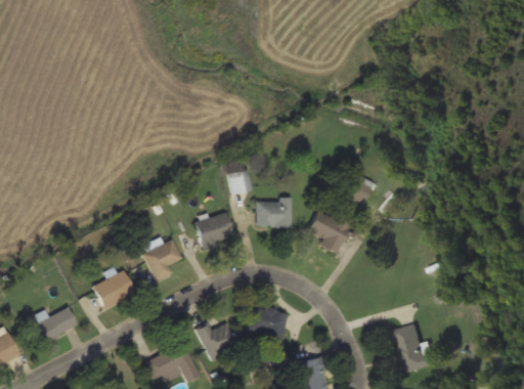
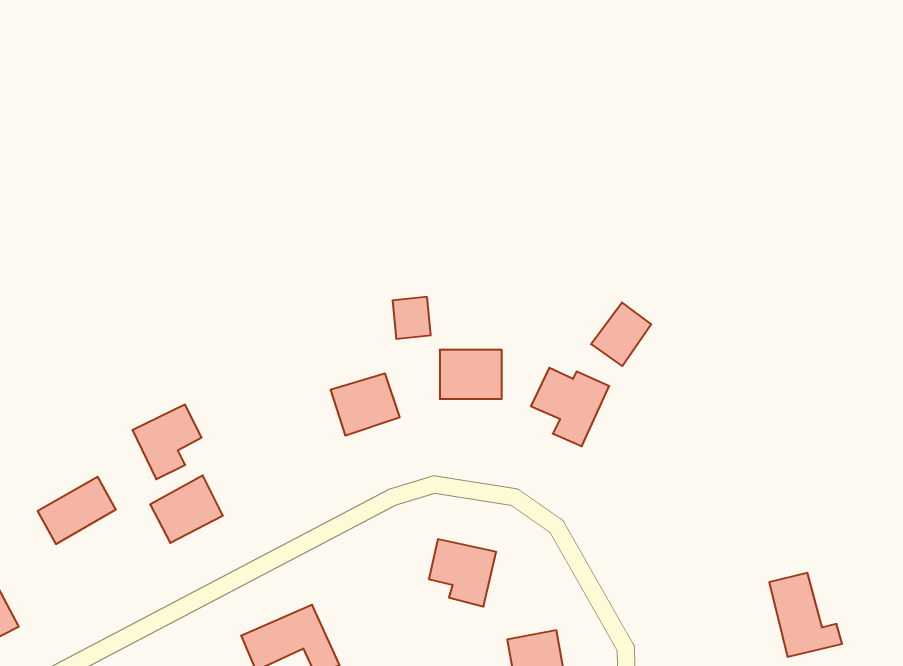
building: [142,240,181,282] -> [132,405,202,479]
building: [33,306,77,344] -> [38,477,116,544]
building: [199,325,235,358] -> none
building: [395,325,436,372] -> [769,573,842,657]

